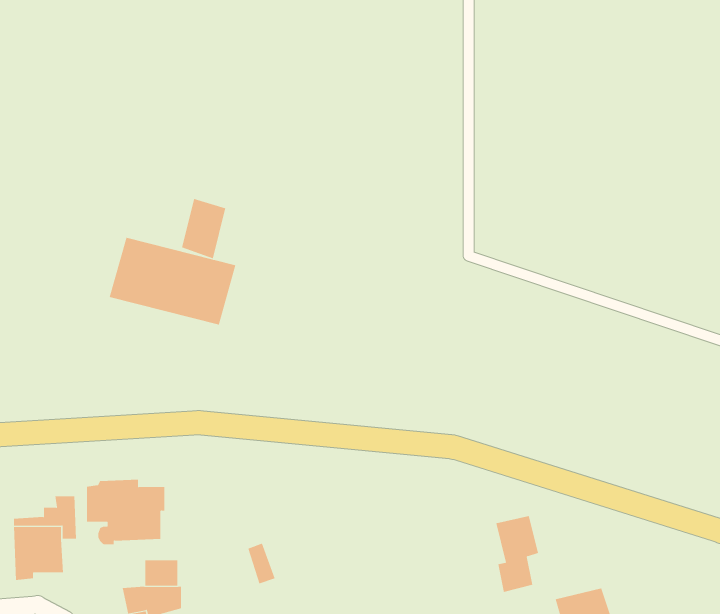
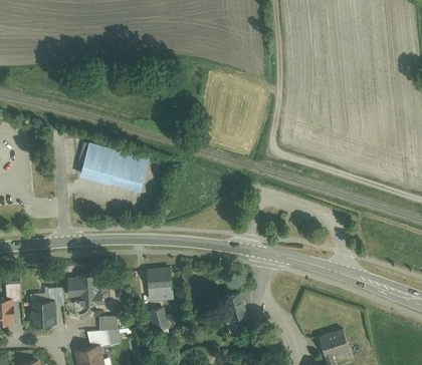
building: [181,198,226,259] -> none
building: none -> [147,269,173,302]
building: [496,516,539,592] -> [220,297,243,338]

